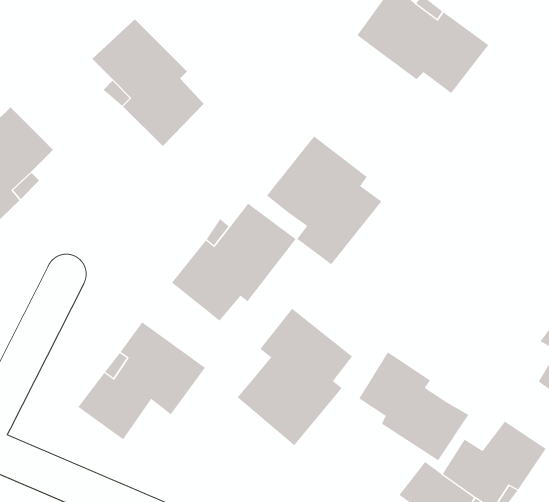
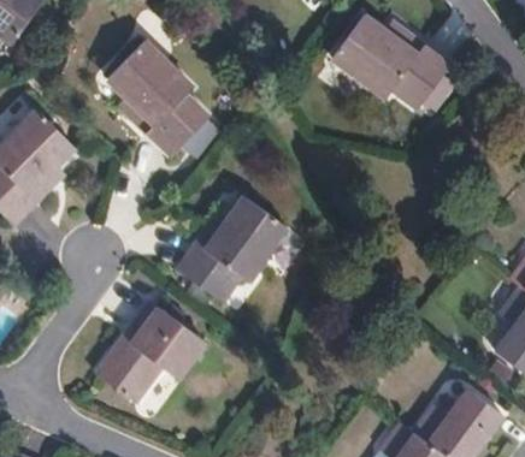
building: [266,136,382,265] -> none
building: [237,308,353,446] -> none
building: [358,352,469,461] -> none

